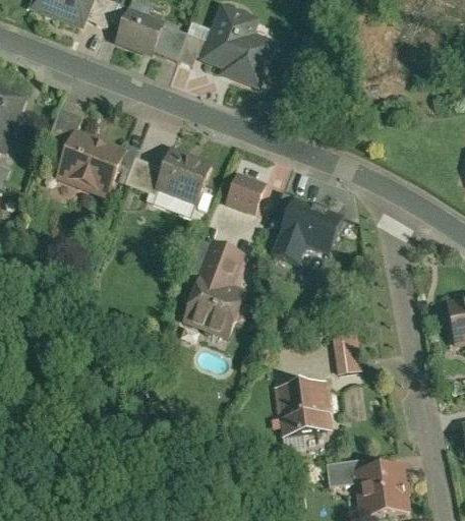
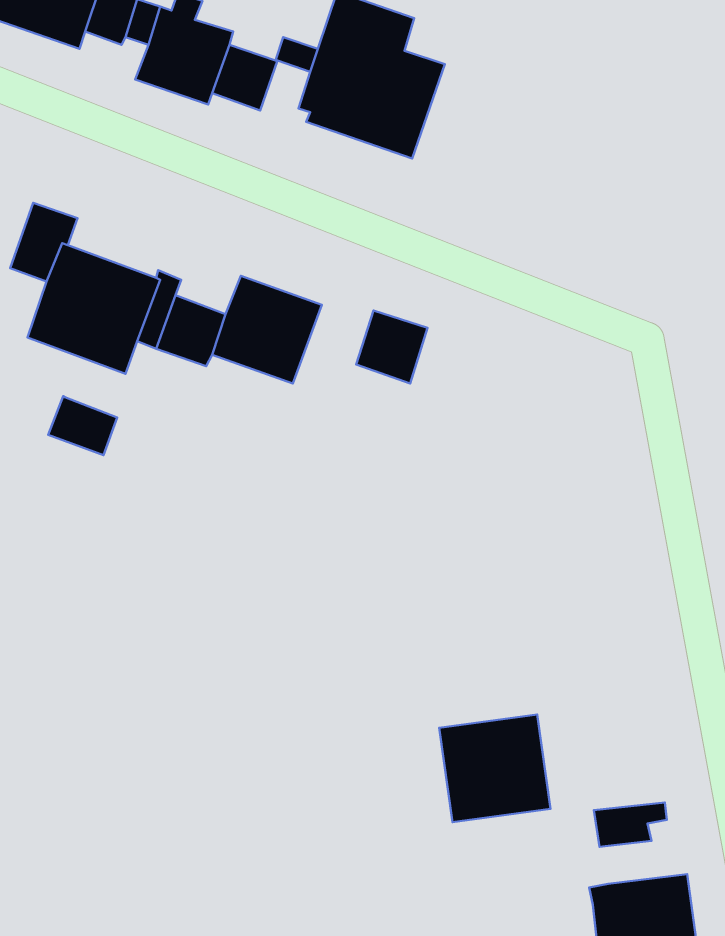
building: [279,194,345,252] -> none
building: none -> [48,396,117,455]
building: [181,234,247,342] -> none
building: [335,347,360,380] -> none
building: [324,460,362,483] -> [594,802,667,847]

